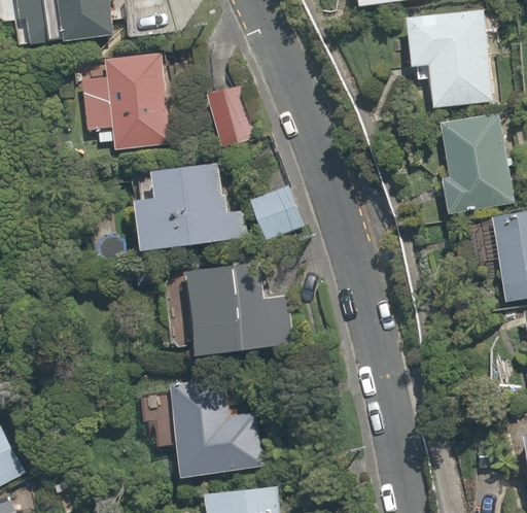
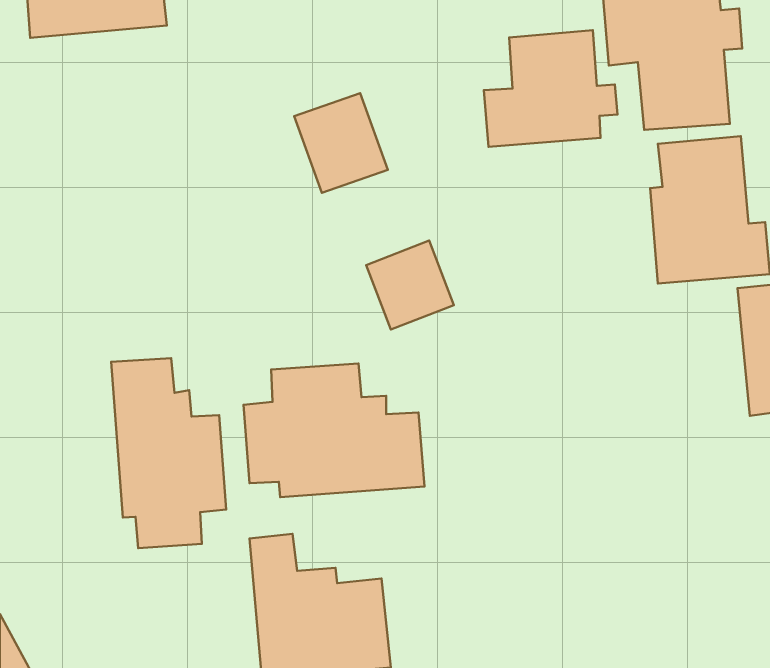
building: none -> [484,30,617,147]
building: [62,53,166,147] -> none
building: [133,166,247,251] -> none
building: none -> [111,358,226,548]

